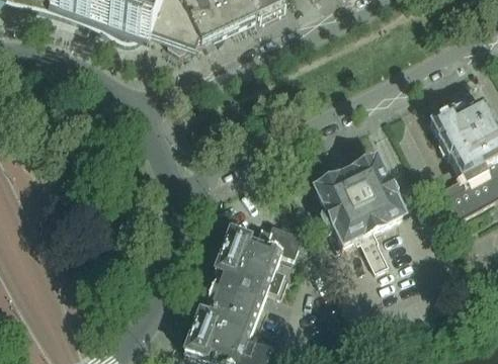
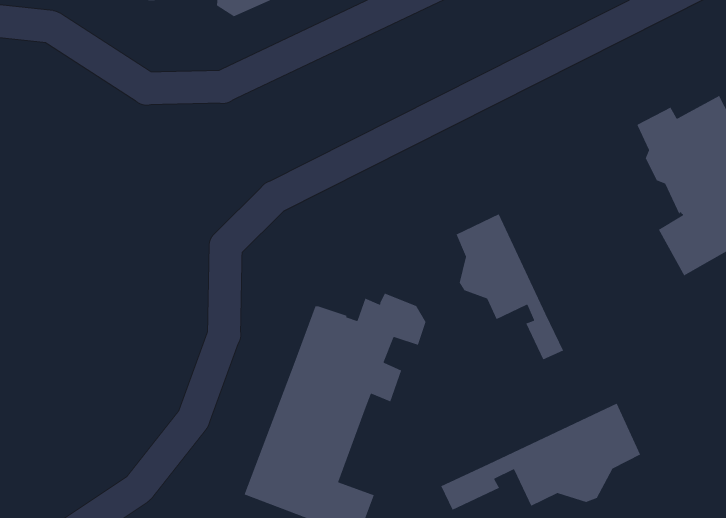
building: [346,155,402,233] -> none
building: none -> [440,402,641,511]

